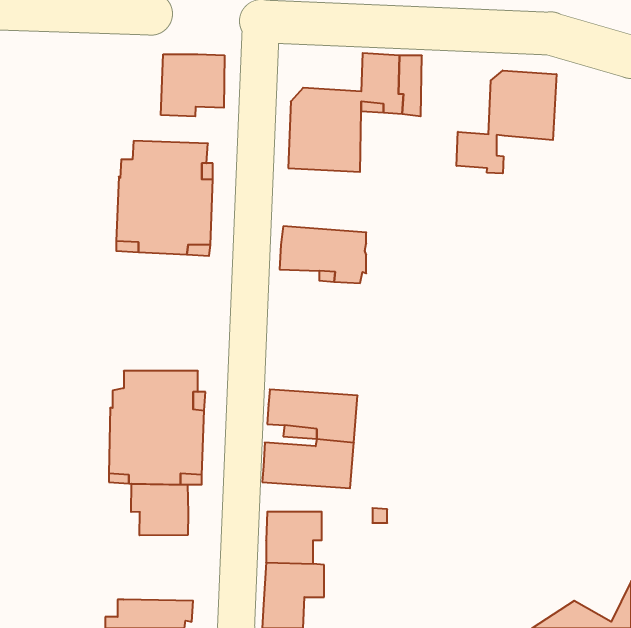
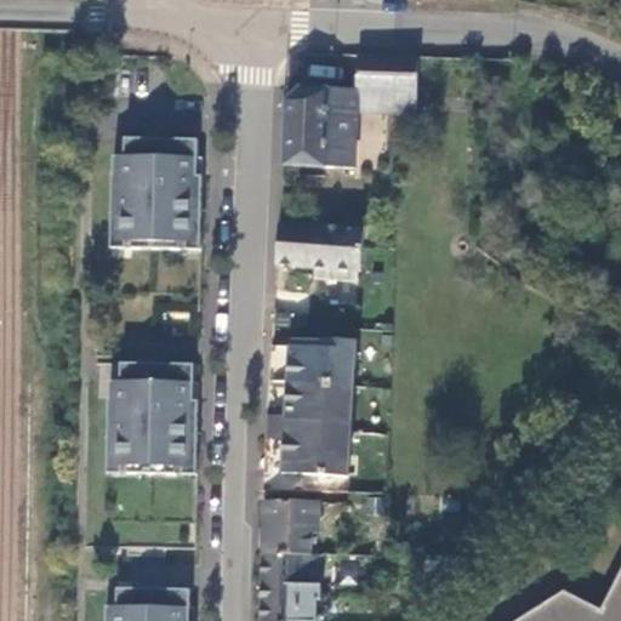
building: [161,54,224,116] -> none
building: [457,70,556,173] -> none
building: none -> [264,338,354,388]
building: [131,484,188,535] -> none

